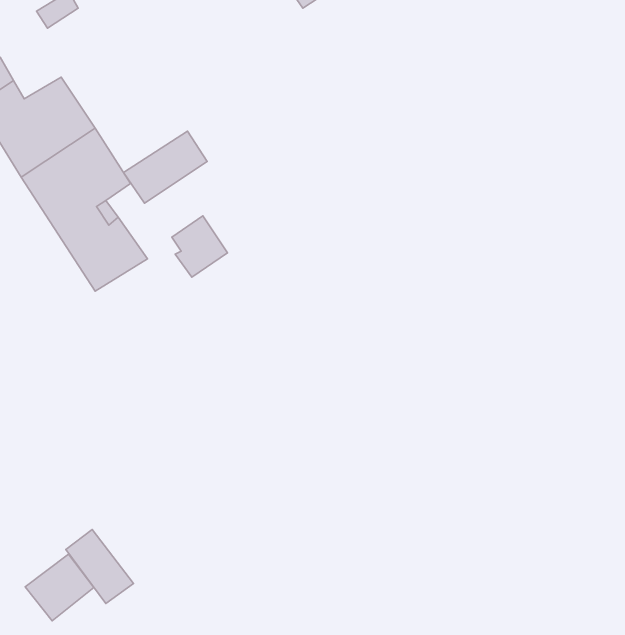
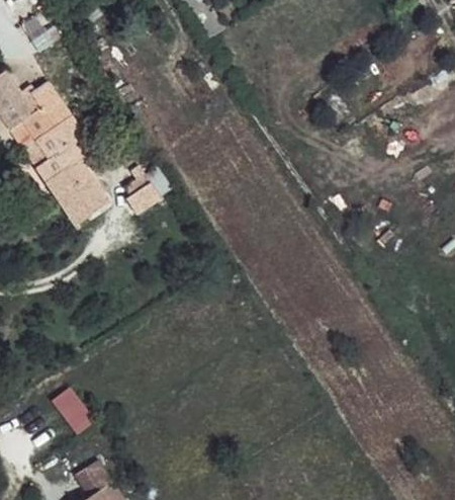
building: [123,131,207,203] -> none
building: [25,554,94,621] -> none

